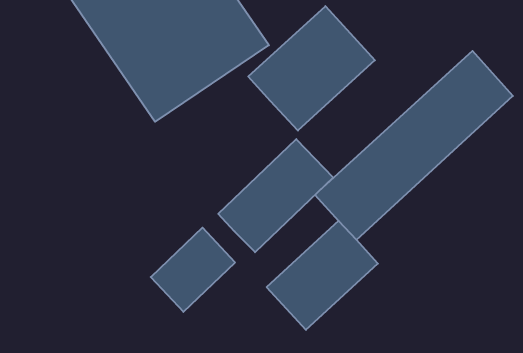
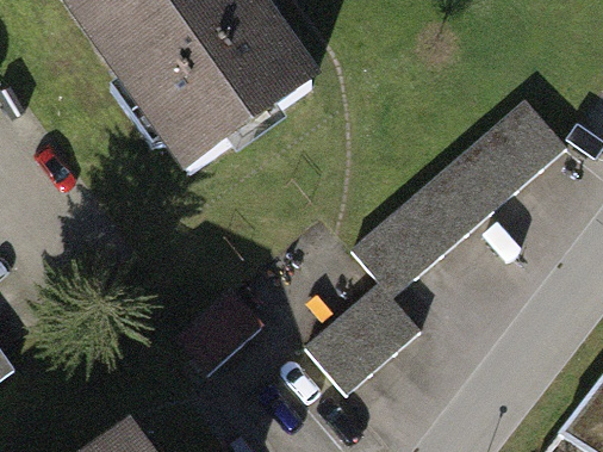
building: [248,6,375,131] -> none
building: [218,139,333,252] -> none

